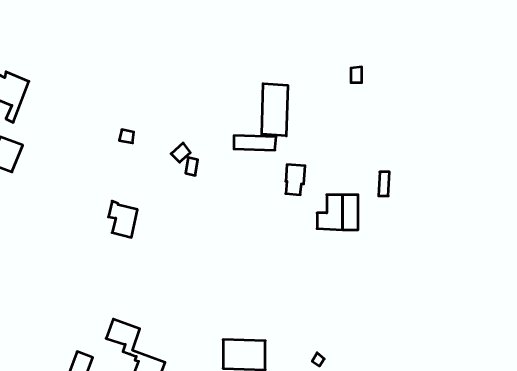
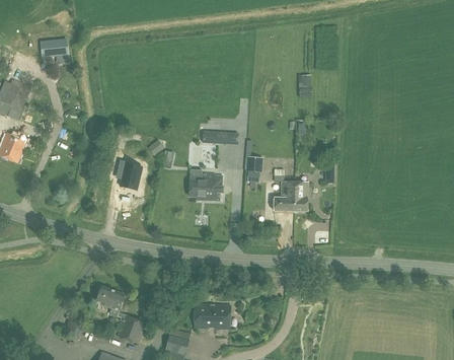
building: none -> [42,40,68,63]
building: [262,84,288,136] -> none
building: none -> [188,173,221,200]
building: [108,201,137,237] -> [117,159,141,190]

